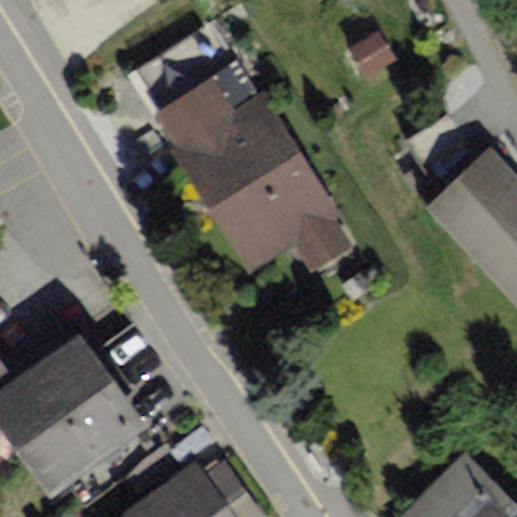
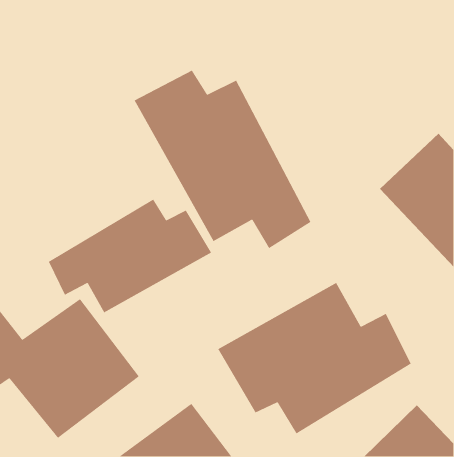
building: none -> [48,199,212,313]
building: none -> [217,282,412,434]

